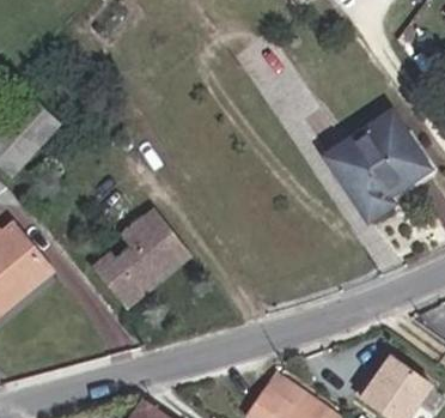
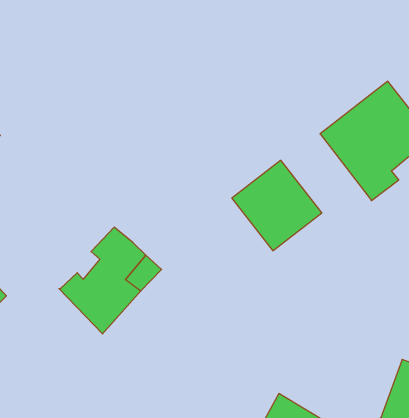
building: none -> [232,160,322,251]

